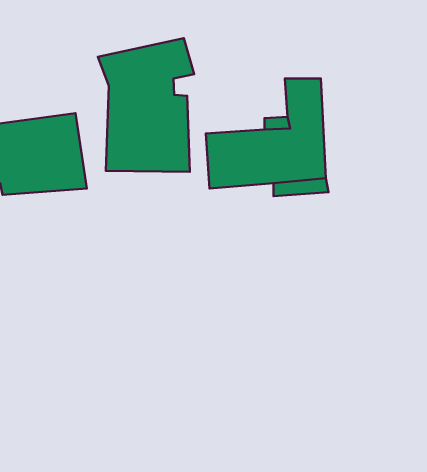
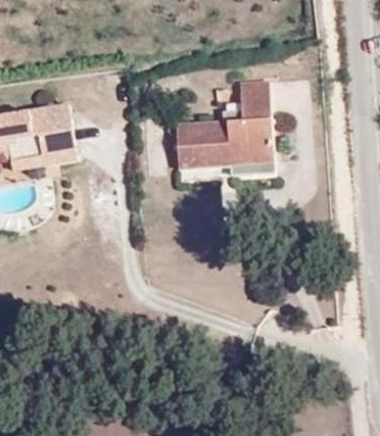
building: [98,38,194,172] -> none

